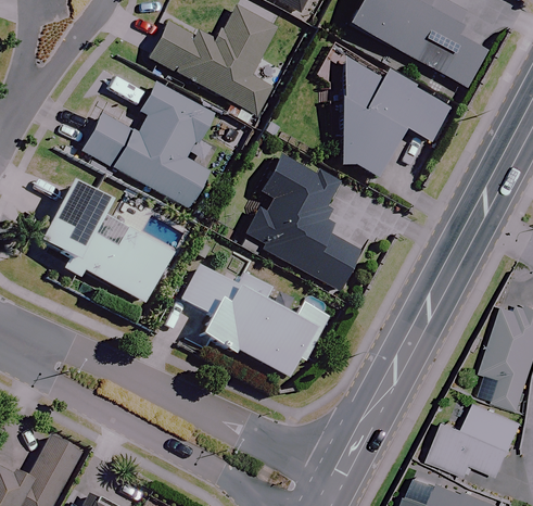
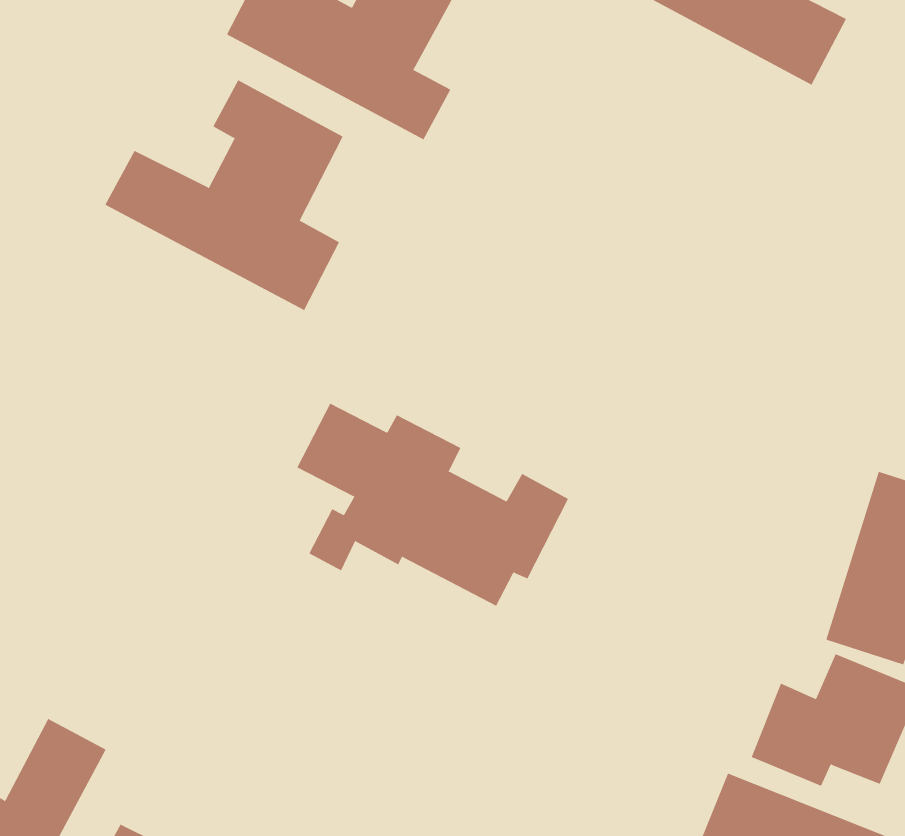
building: [348,54,456,177] -> none
building: [240,156,360,292] -> none
building: [38,184,173,303] -> none

